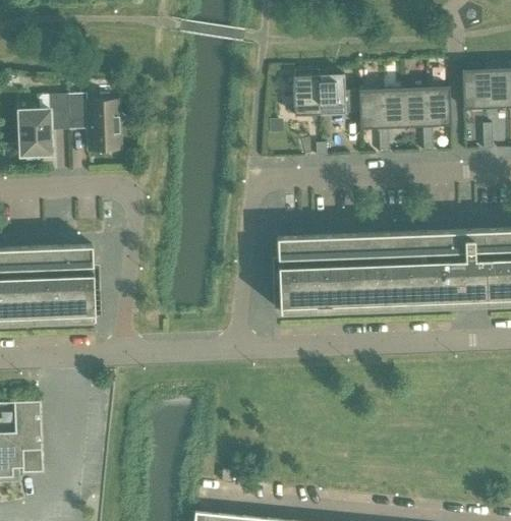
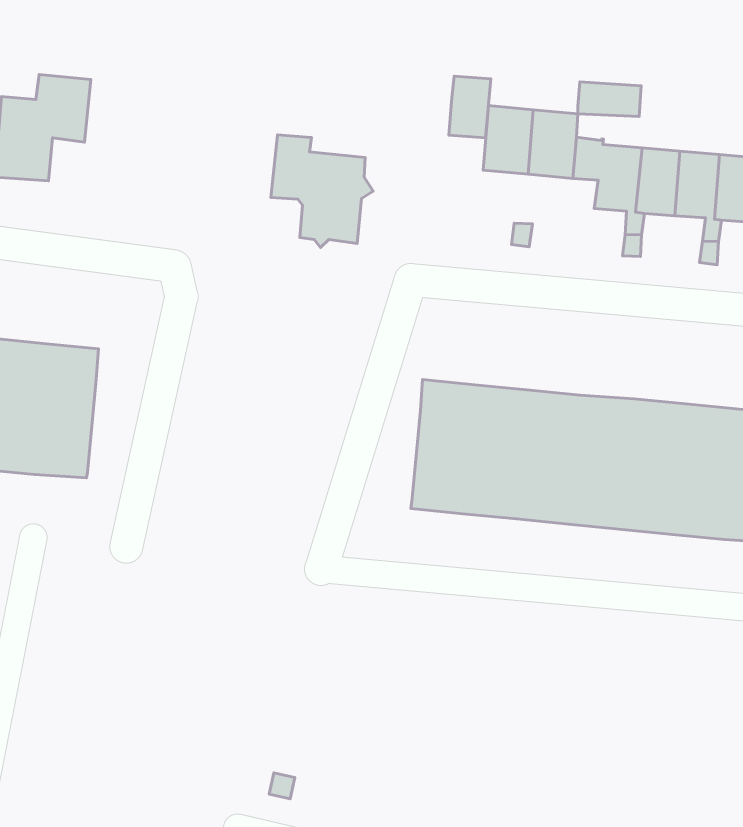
building: none -> [578,82,641,117]
building: none -> [449,76,491,138]
building: [67,93,125,154] -> [271,135,373,247]

